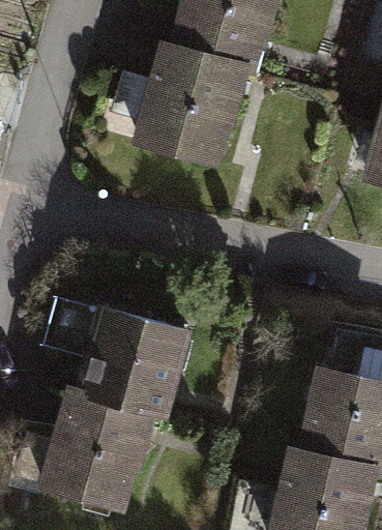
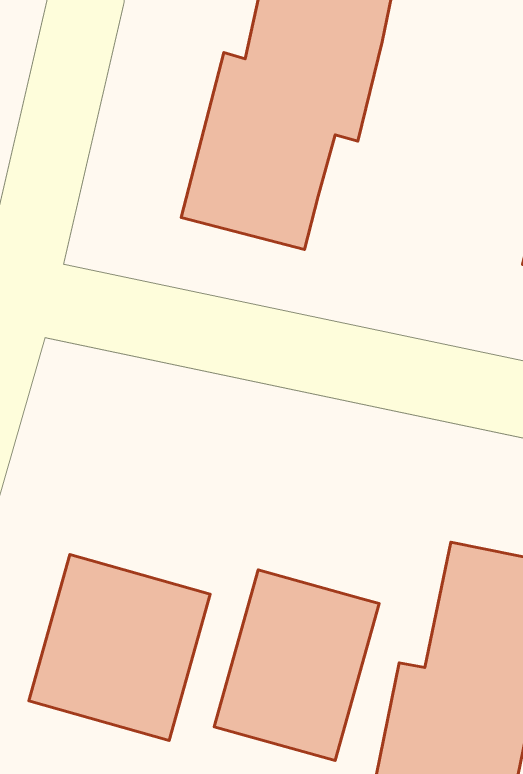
building: [72,295,186,408] -> none
building: none -> [214,570,379,761]

